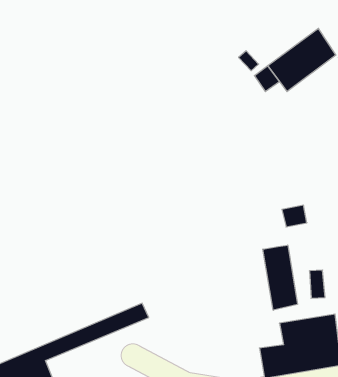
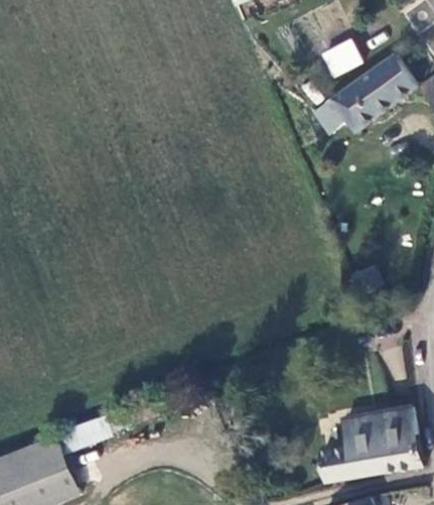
building: none -> [316,36,360,79]
building: [263,245,297,310] -> none

